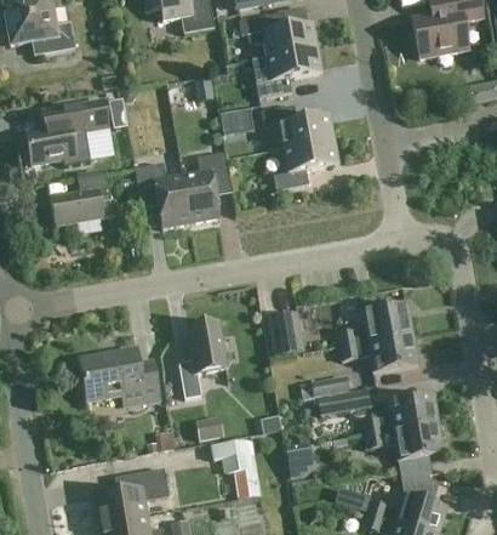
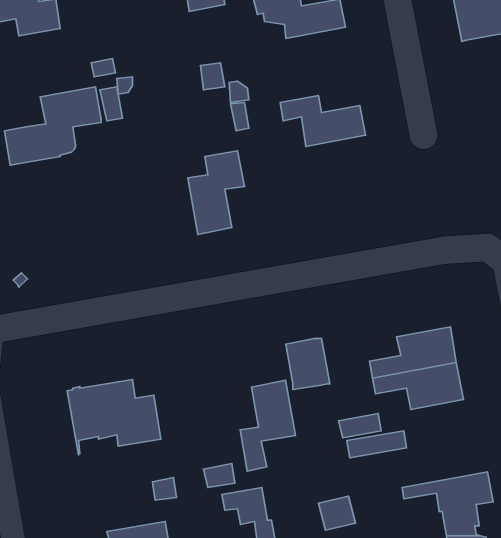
building: [252,46,322,98] -> none
building: [274,138,339,189] -> none
building: [136,163,192,228] -> none
building: [48,171,112,228] -> none
building: [179,320,227,398] -> [240,380,295,471]
building: [362,391,439,439] -> none

